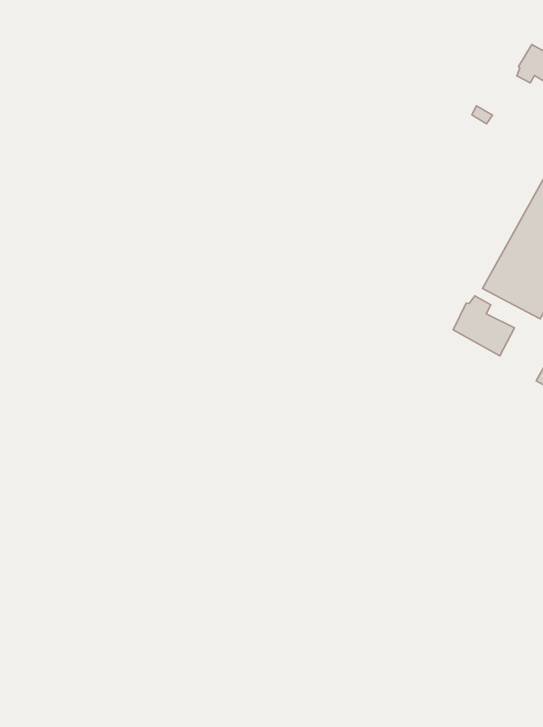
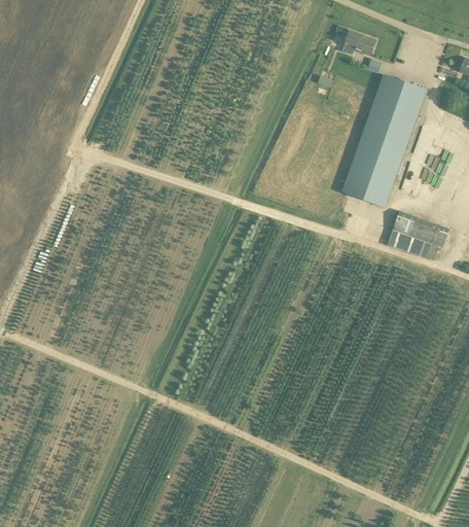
building: [453,296,514,356] -> none

